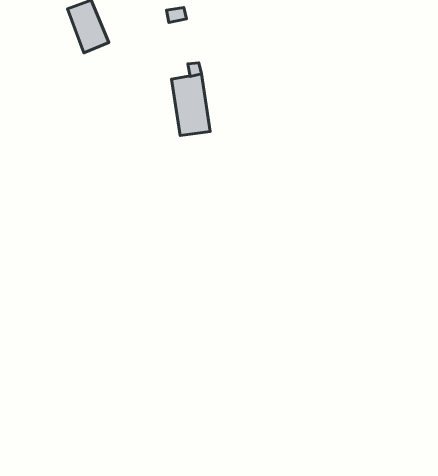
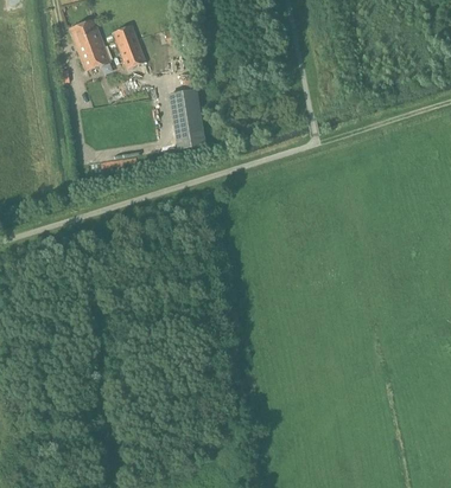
building: none -> [113,23,145,64]

